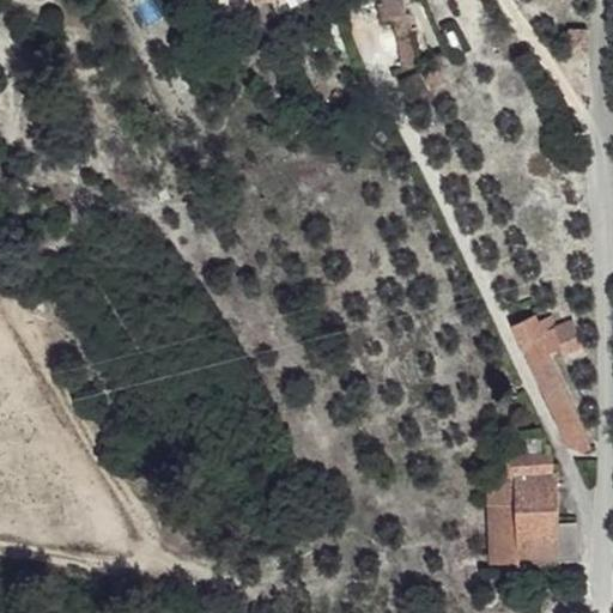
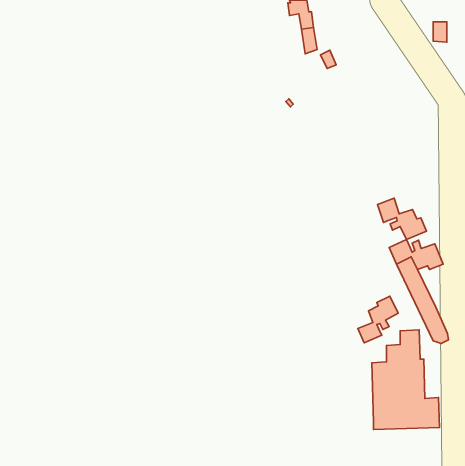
building: none -> [377,198,426,239]
building: none -> [358,296,398,343]

